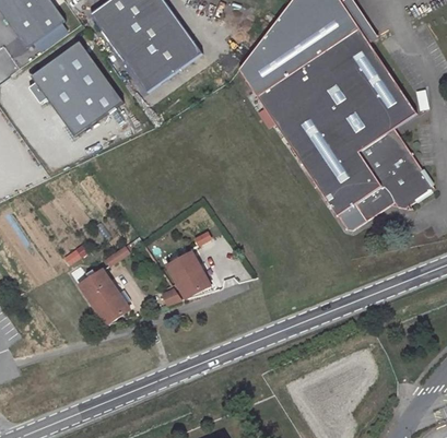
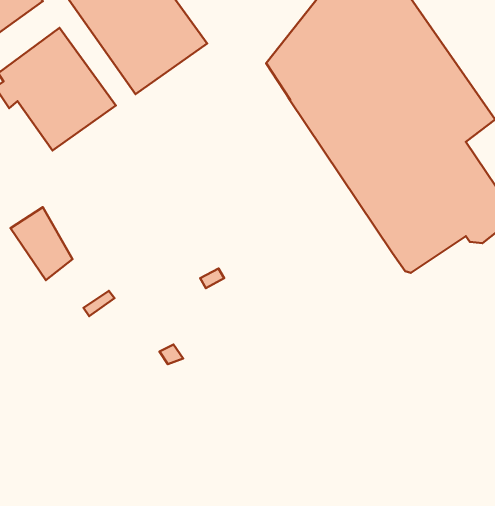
building: [162,251,202,297] -> none
building: [73,268,121,324] -> [11,207,72,280]

